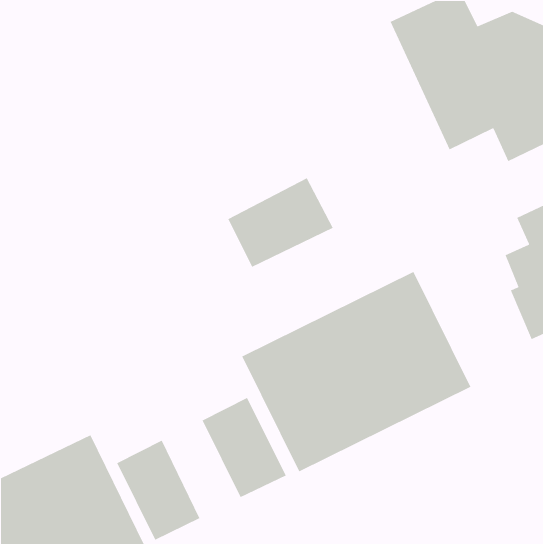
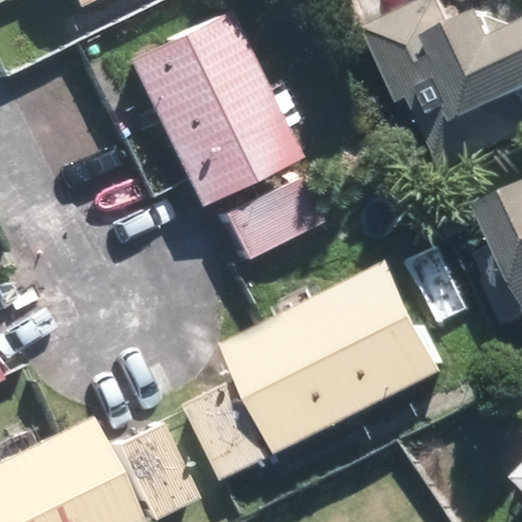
building: none -> [123,9,294,205]

